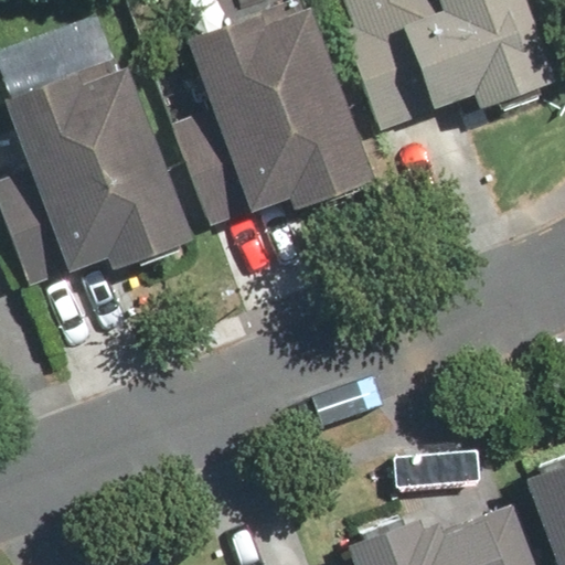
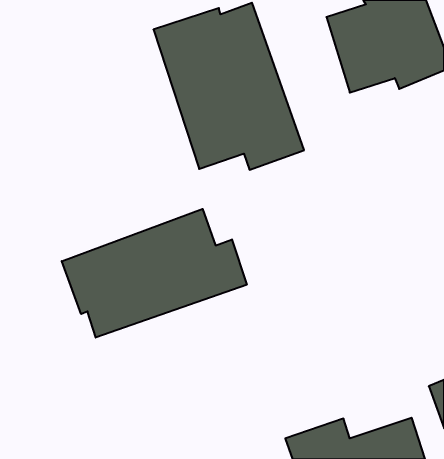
building: [8,61,189,266] -> none
building: none -> [62,209,247,338]

